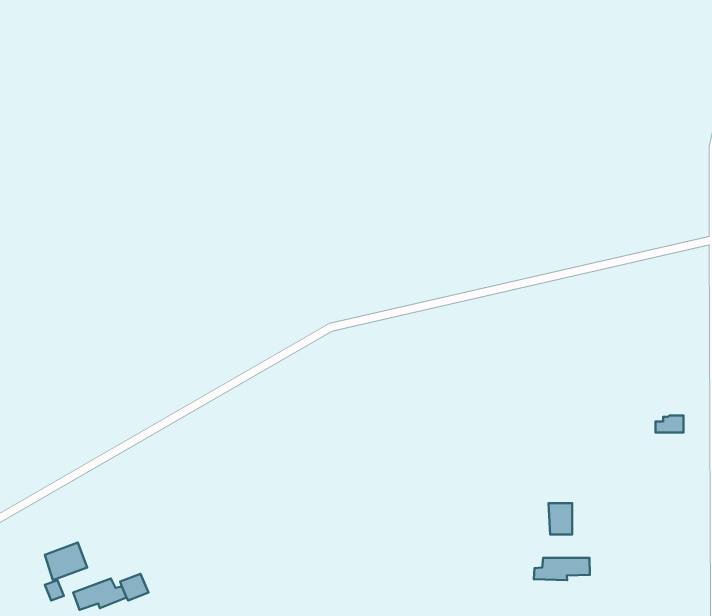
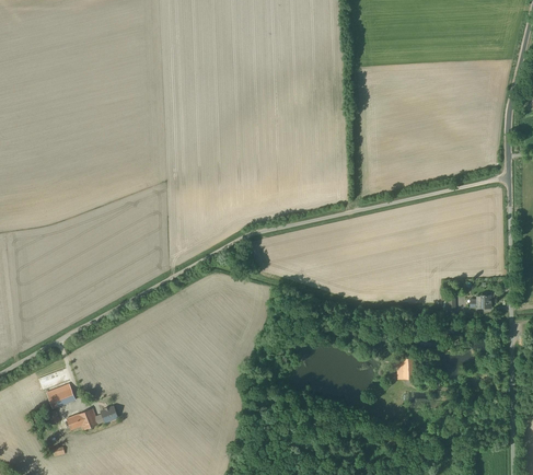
building: [534,558,590,580] -> none

